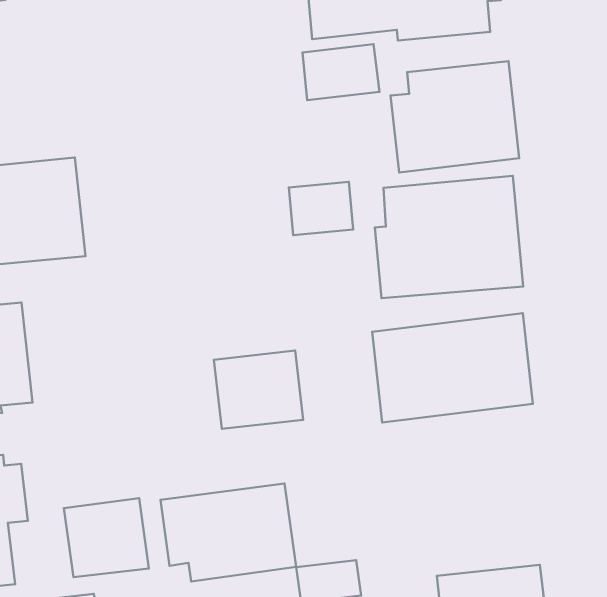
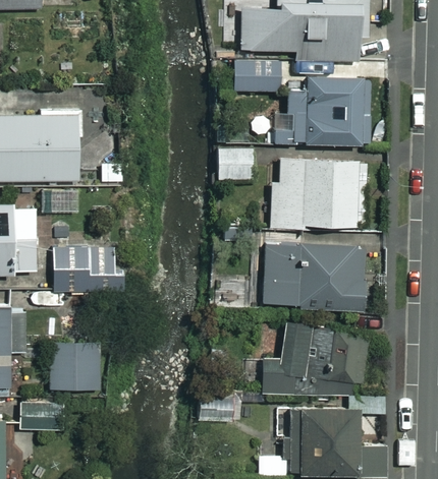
building: [214,351,303,429] -> [53,243,108,290]
building: none -> [262,324,364,397]
building: [160,484,296,581] -> none

